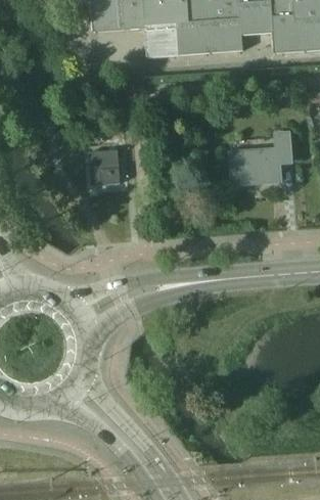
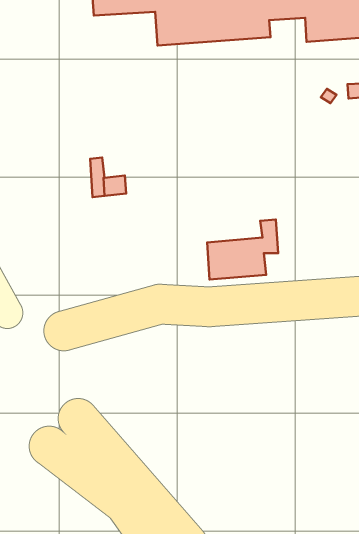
building: [229,132,289,183] -> [207,219,278,280]

